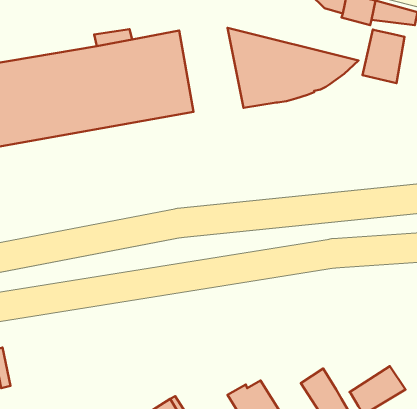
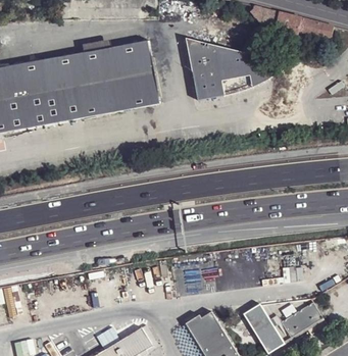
building: [362,29,405,83] -> none

